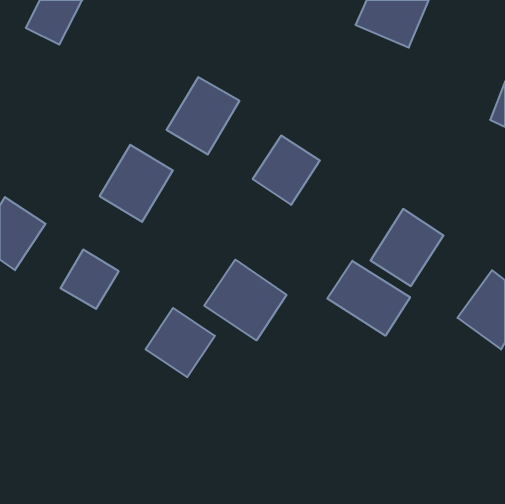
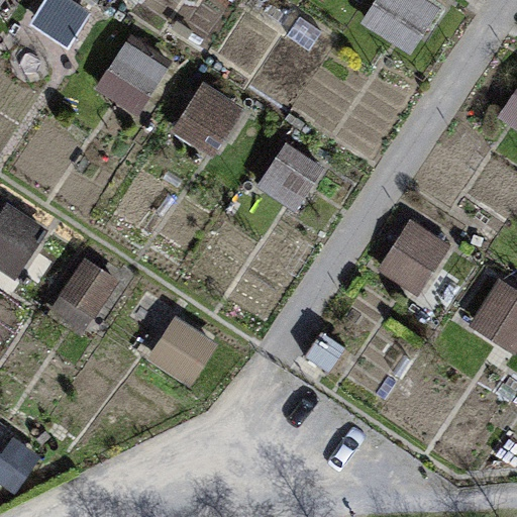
building: [100,145,173,222] -> [96,36,171,115]
building: [204,260,286,340] -> none
building: [327,261,410,336] -> none

